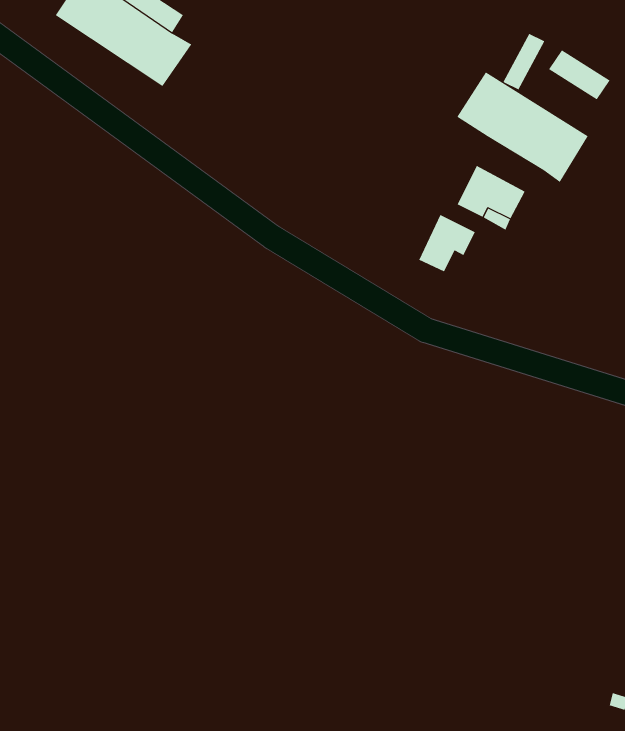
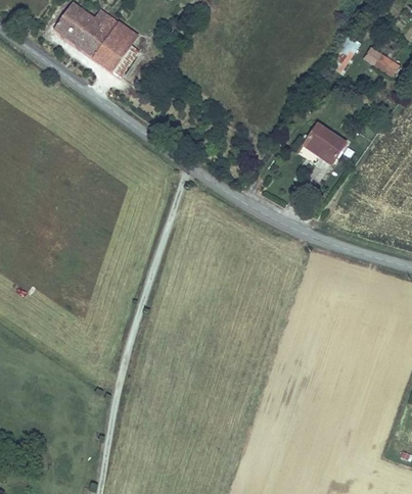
building: [457,72,589,183] -> none
building: [419,214,476,272] -> none

